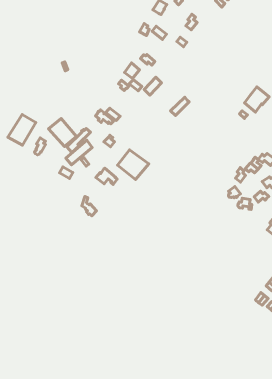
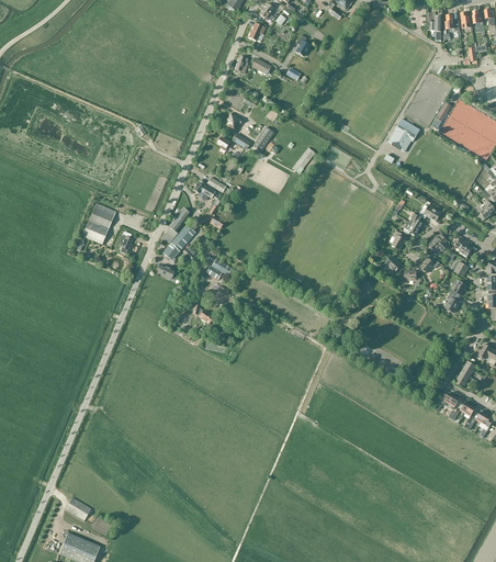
building: [48,118,77,146] -> none
building: [117,150,149,180] -> none

